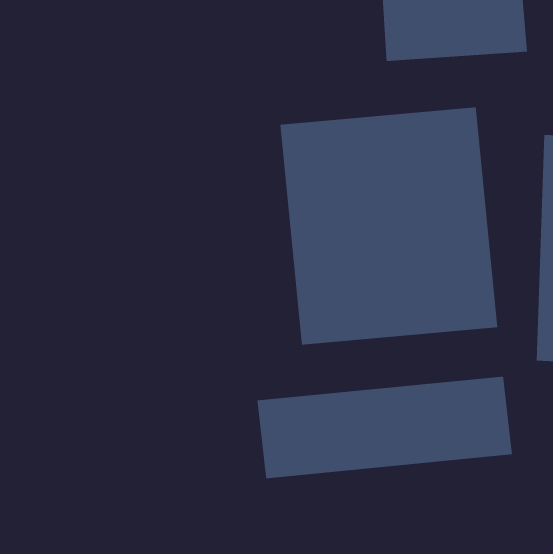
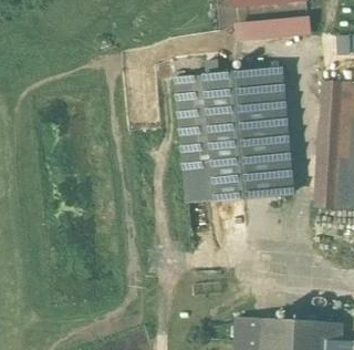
building: [257,376,512,479] -> none

